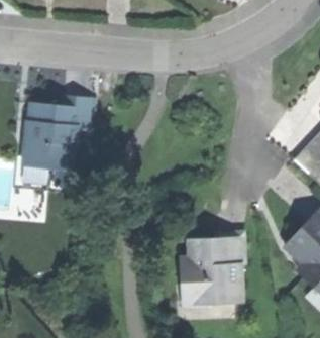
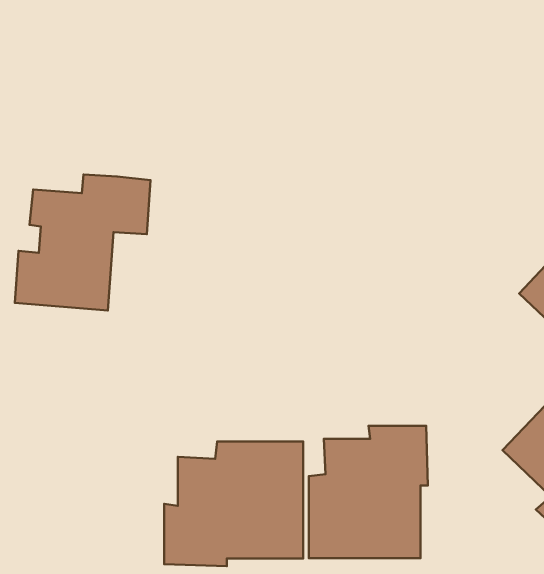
building: none -> [164,441,303,566]

